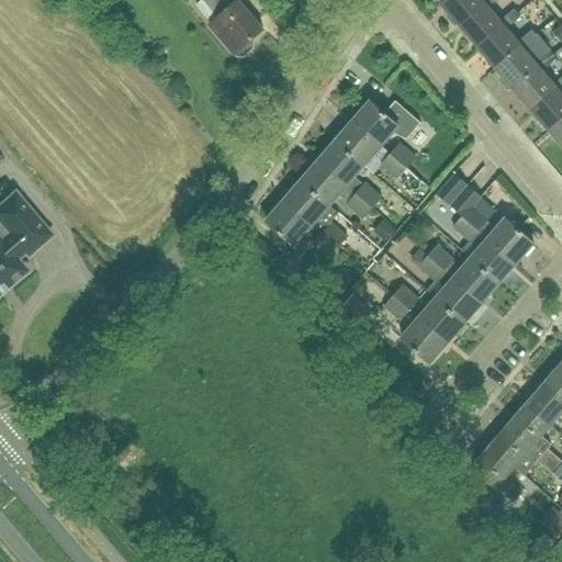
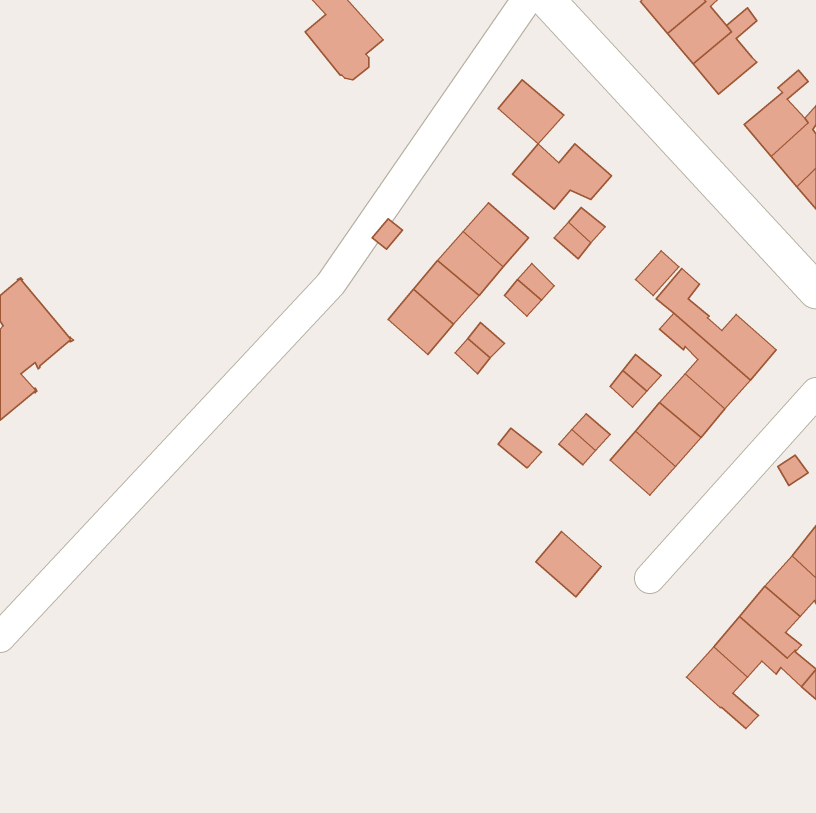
building: [494,27,538,86] -> none
building: [336,120,381,164] -> [498,80,564,144]
building: [402,316,447,361] -> [536,531,601,597]

